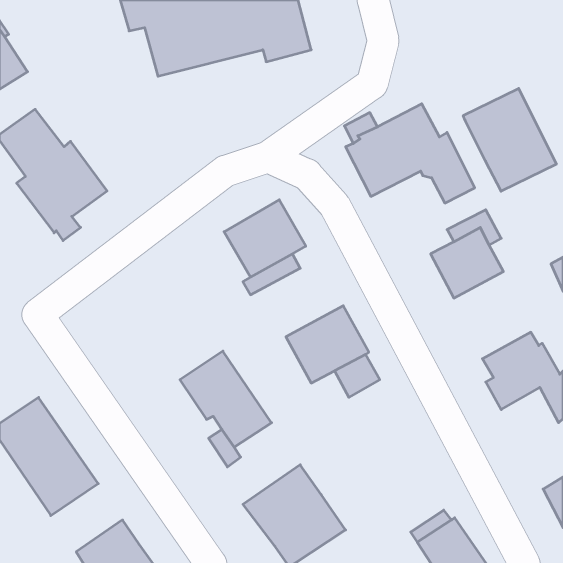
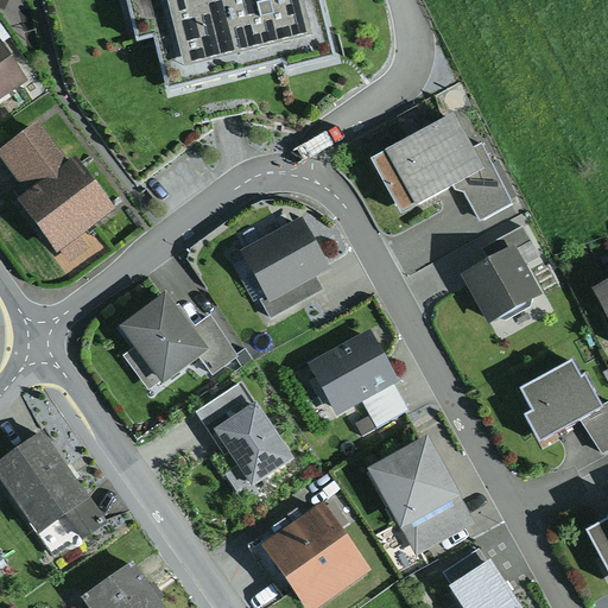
building: [463,88,556,191] -> none
building: none -> [114,297,236,393]
building: none -> [367,433,476,555]

